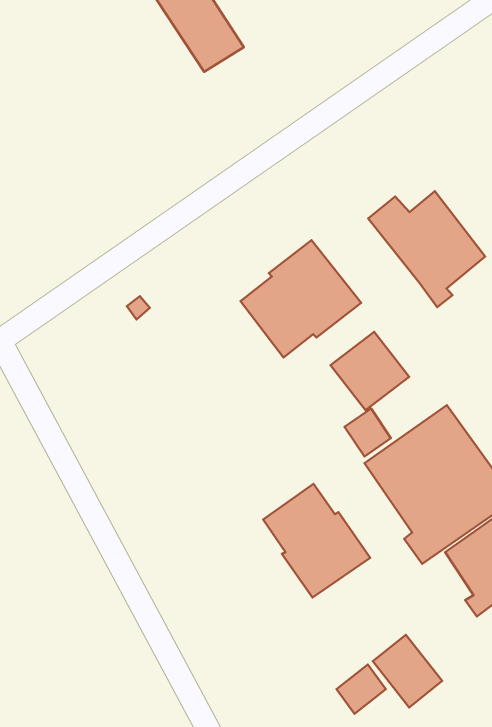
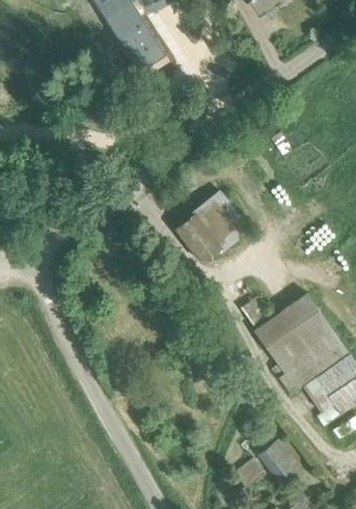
building: [368,191,485,307] -> none
building: [330,332,409,410] -> none
building: [263,484,370,597] -> none

